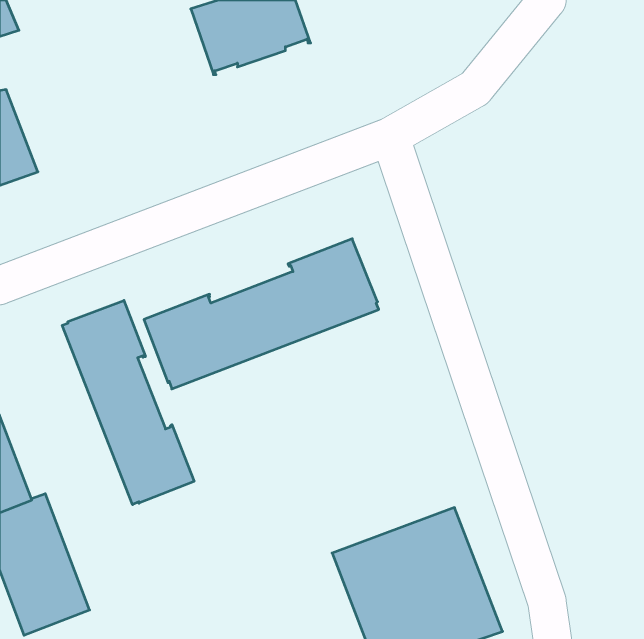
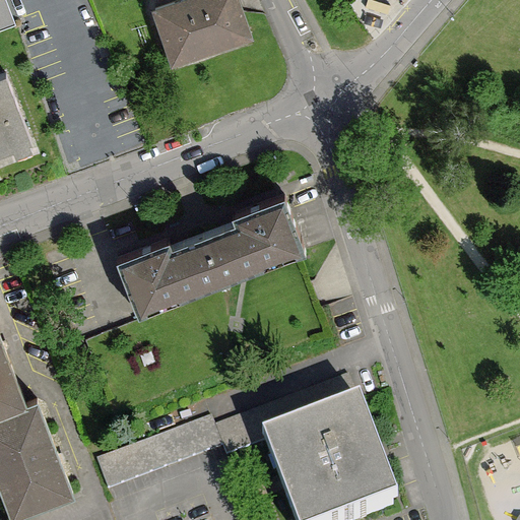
building: [62,300,194,505] -> none
building: none -> [94,383,363,497]

